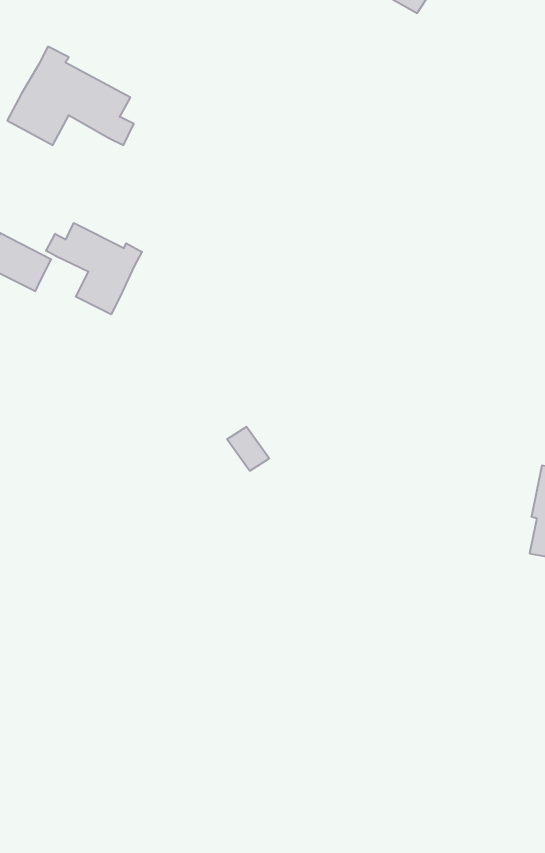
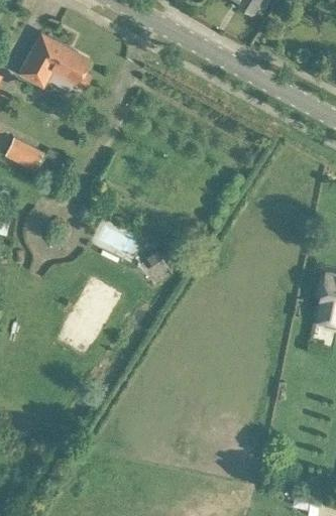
building: [46,223,142,314] -> none

